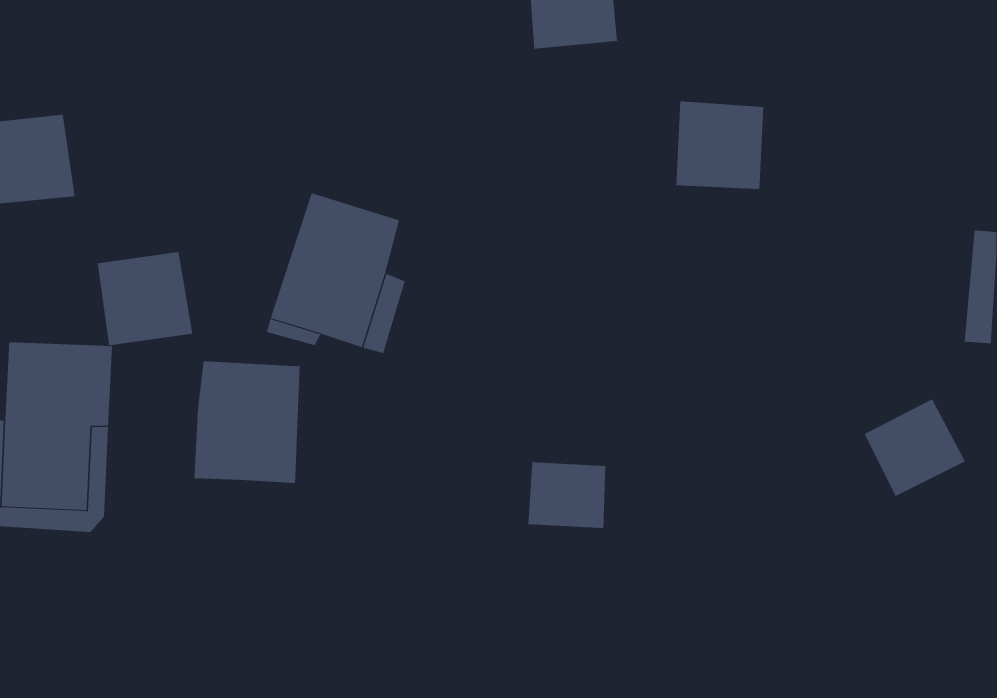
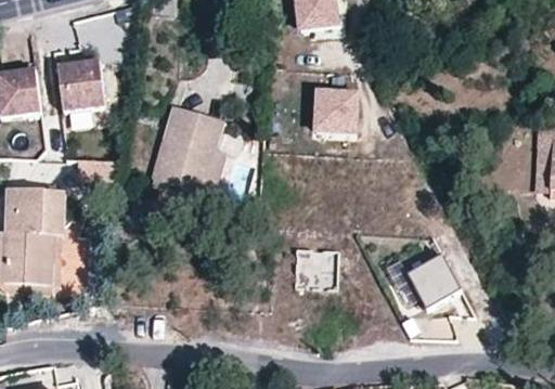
building: [676,101,764,189] -> [310,86,359,134]
building: [97,251,193,346] -> [56,56,109,108]
building: [194,360,300,484] -> none
building: [864,398,966,497] -> [406,261,463,315]

